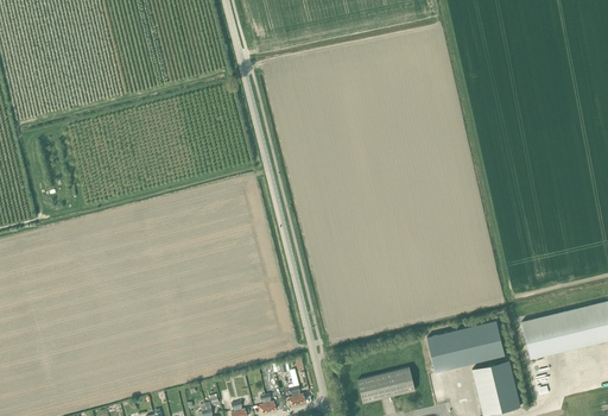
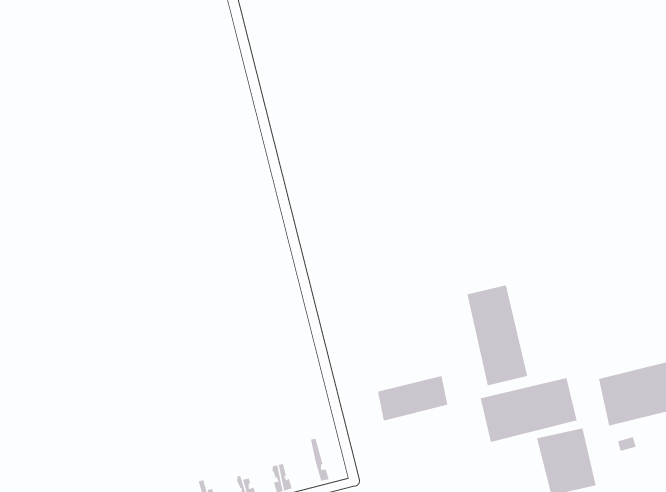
building: none -> [467,285,528,386]
building: [357,367,414,404] -> [377,375,448,421]

